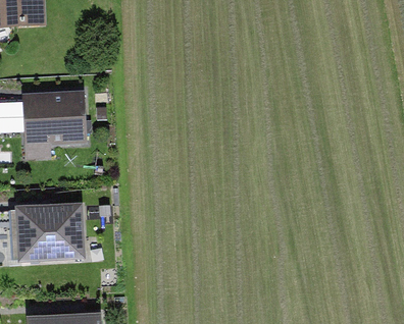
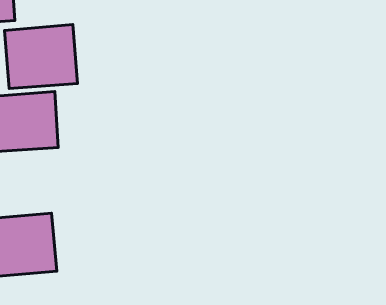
building: none -> [5,24,77,89]

